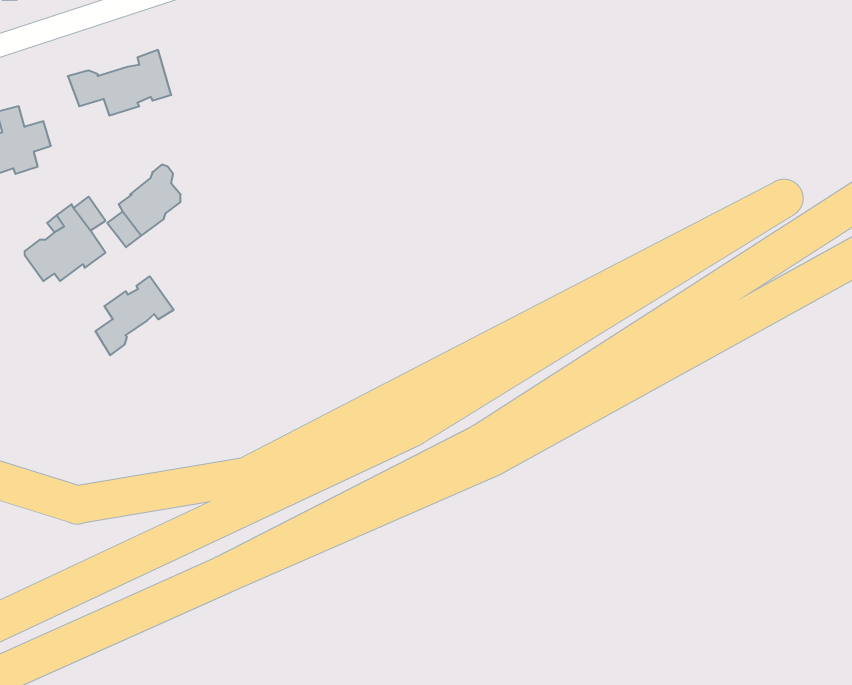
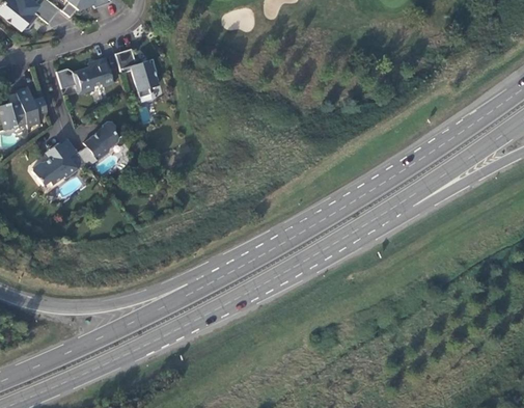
building: none -> [115,49,159,98]
building: [95,276,174,355] -> none

